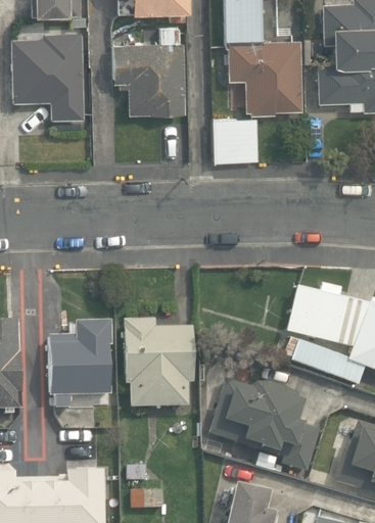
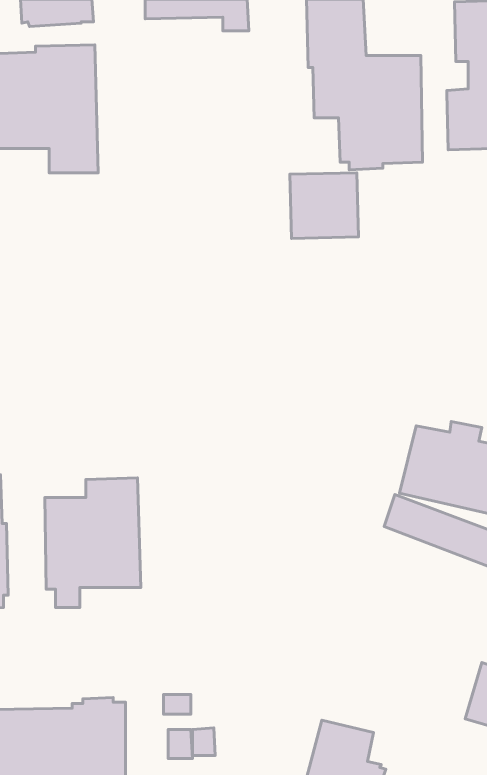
building: [114,27,186,112] -> none
building: [122,320,191,409] -> none
building: [210,376,321,469] -> none

